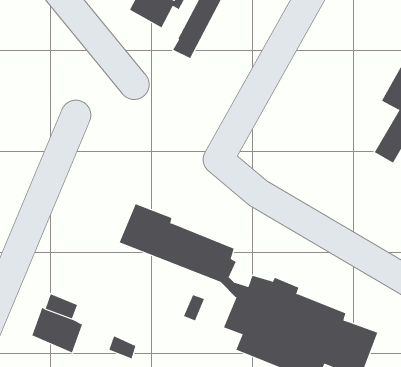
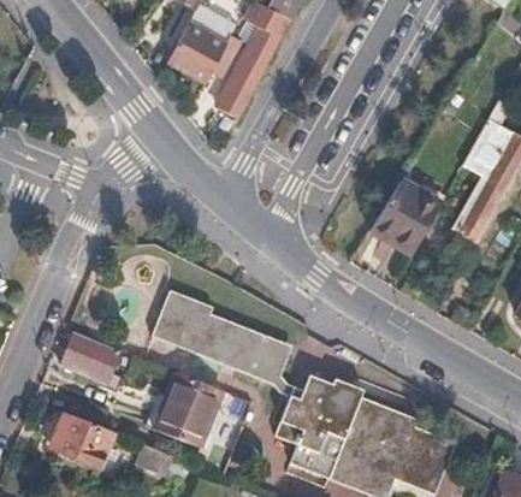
building: none -> [371,184,439,258]
building: none -> [60,333,119,383]
building: none -> [154,372,221,446]

